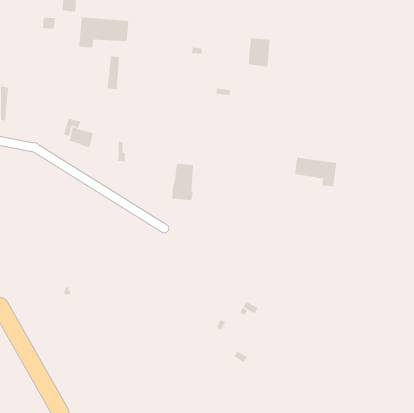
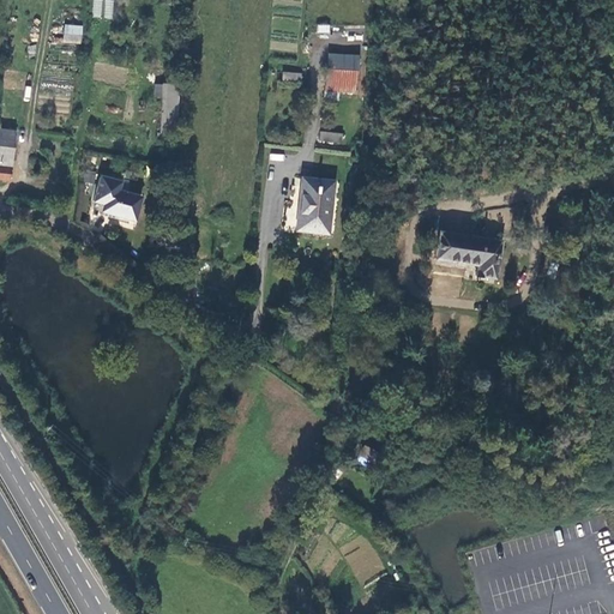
building: [79,16,129,48] -> none
building: [248,38,271,67] -> [324,50,357,94]
building: [171,163,194,201] -> [295,177,329,233]

